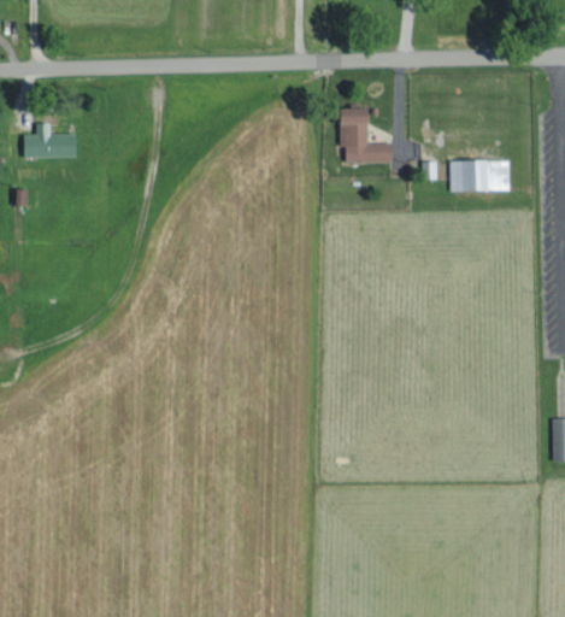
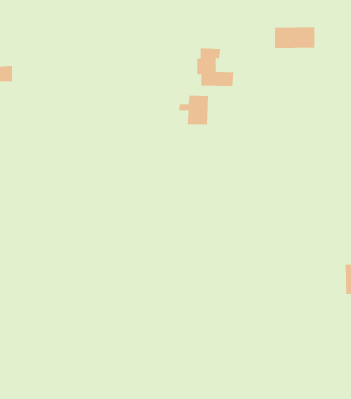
building: [451,161,510,193] -> [274,27,315,49]
building: none -> [178,95,208,125]

